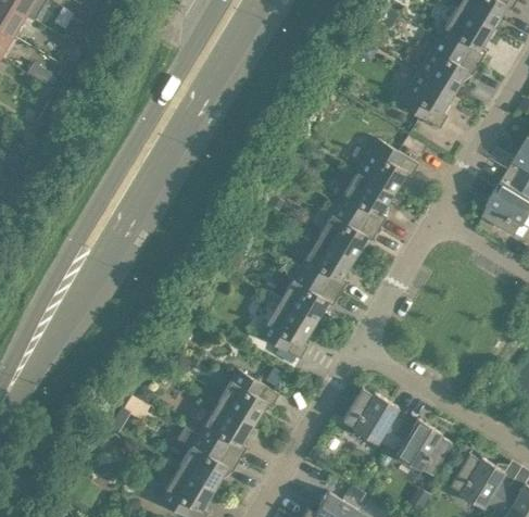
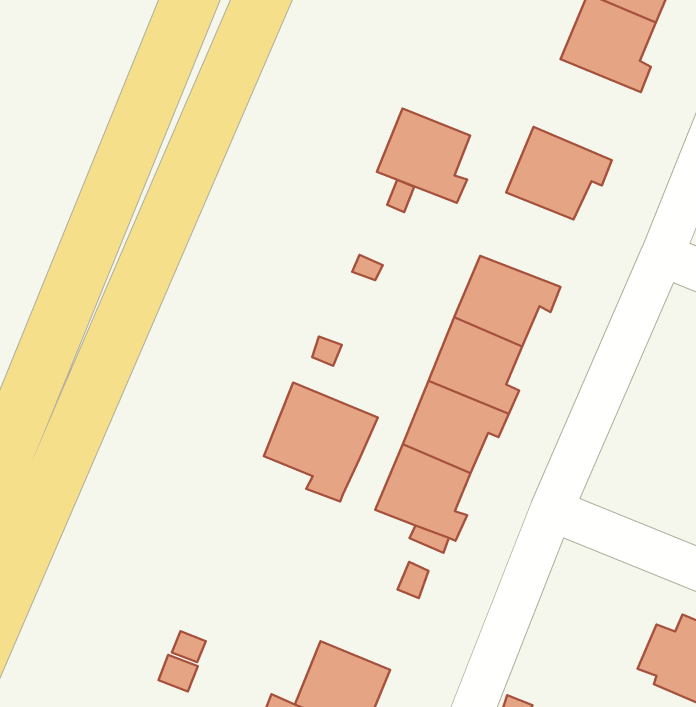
building: [337,174,391,230] -> [377,108,470,203]
building: none -> [264,382,378,501]
building: [216,371,278,426] -> none
building: [342,390,402,446] -> none

